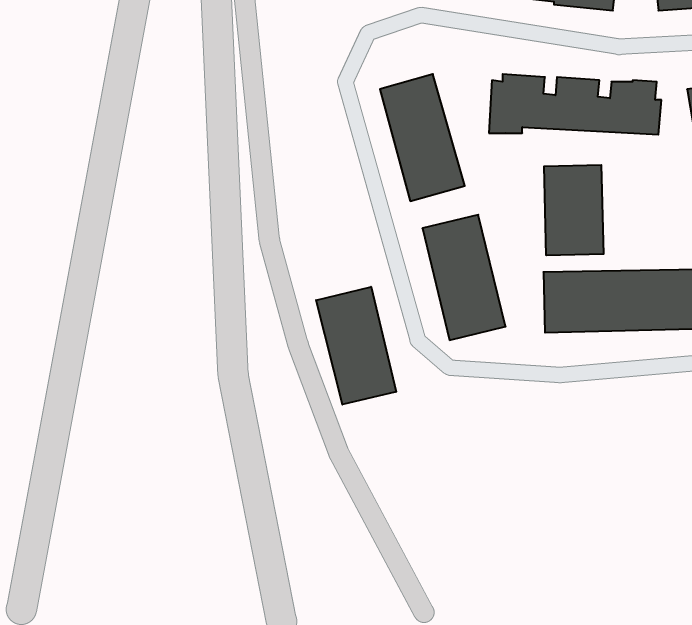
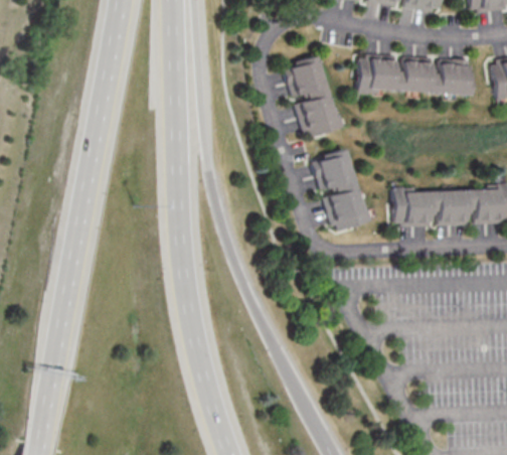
building: [544,165,604,255] -> none
building: [316,287,396,405] -> none

